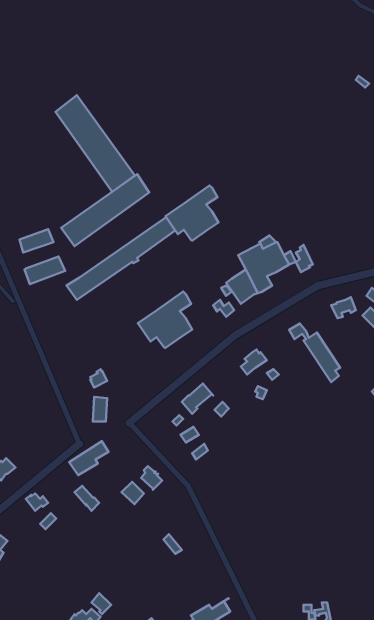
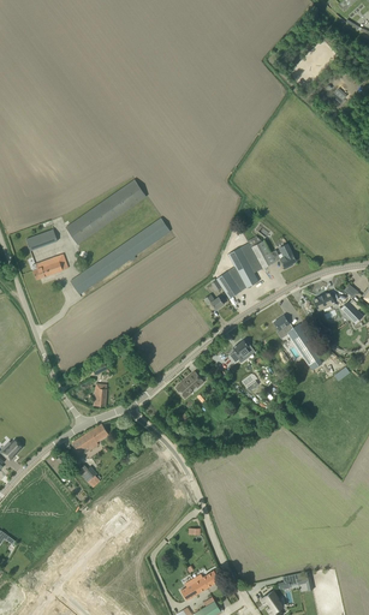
building: [55,95,135,192] -> none
building: [165,185,219,240] -> none
building: [138,292,192,348] -> none

